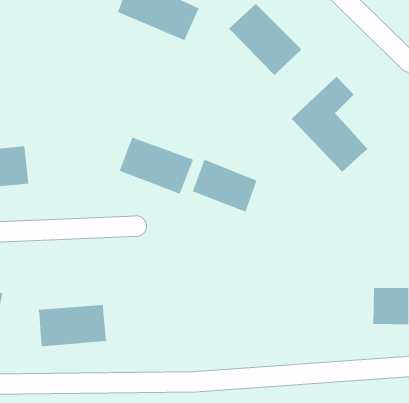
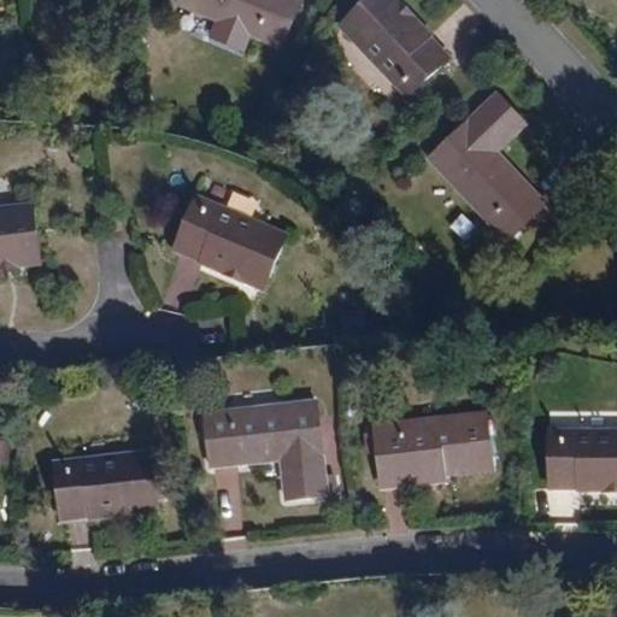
building: [192,159,257,212] -> none
building: none -> [204,398,327,494]
building: none -> [375,412,489,475]

